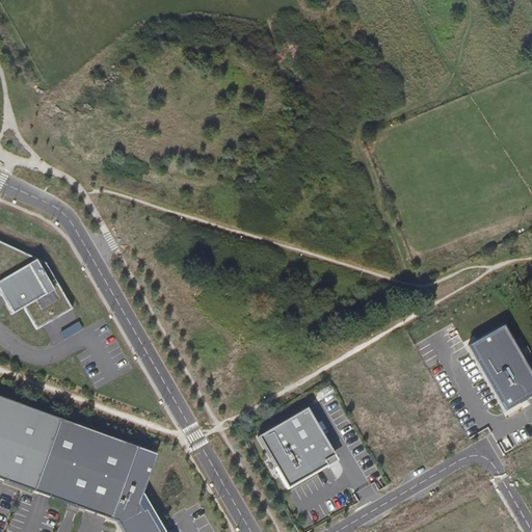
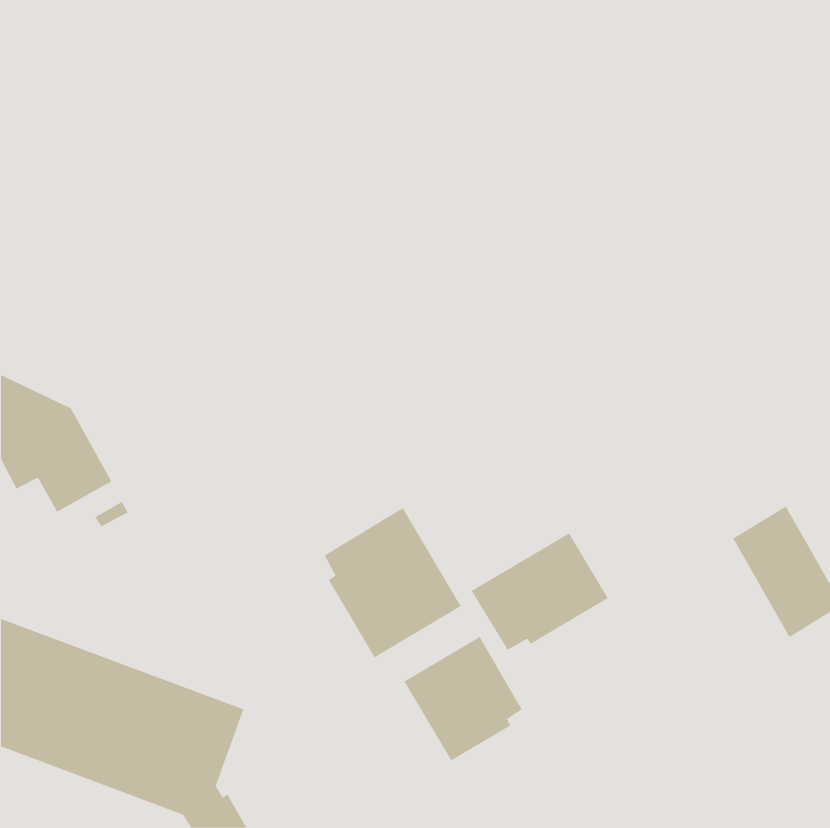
building: none -> [324,507,462,658]
building: none -> [471,533,608,650]

